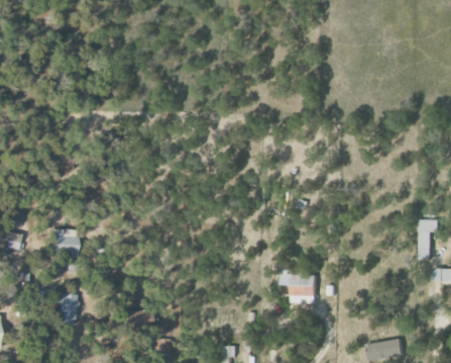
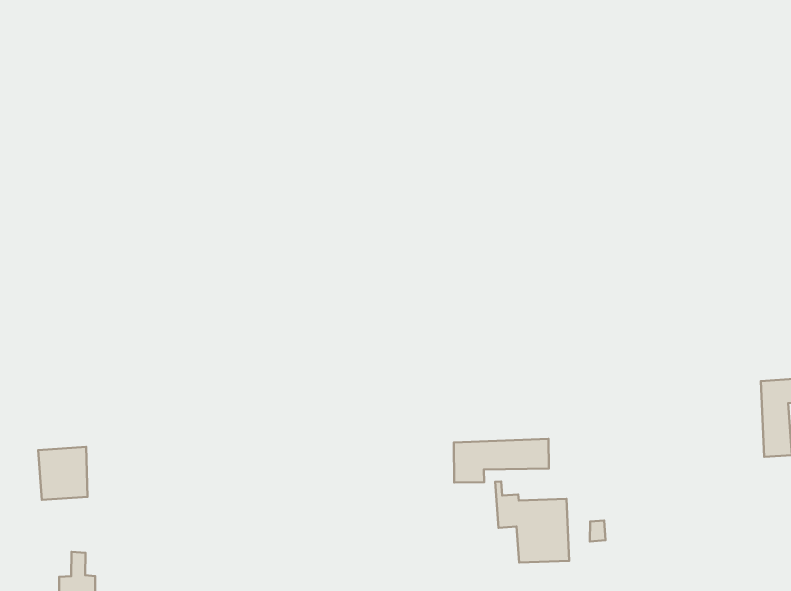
building: none -> [454,439,549,483]

